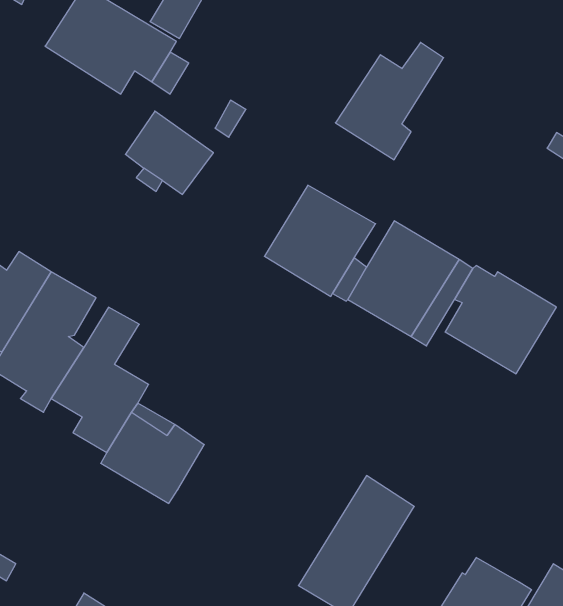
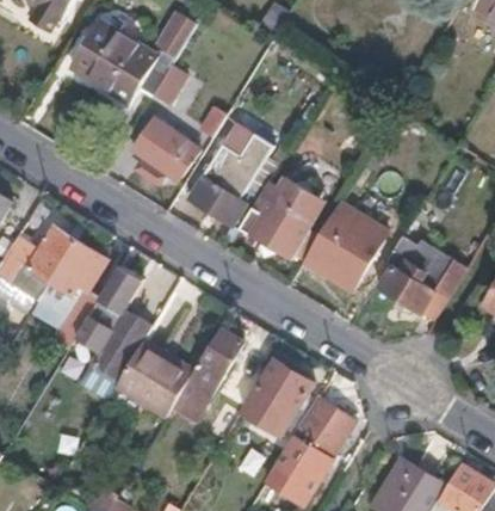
building: [335,42,444,160] -> [187,134,271,224]
building: none -> [172,327,243,420]
building: none -> [237,357,314,439]

